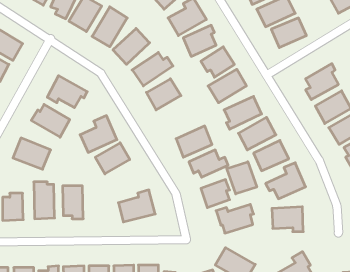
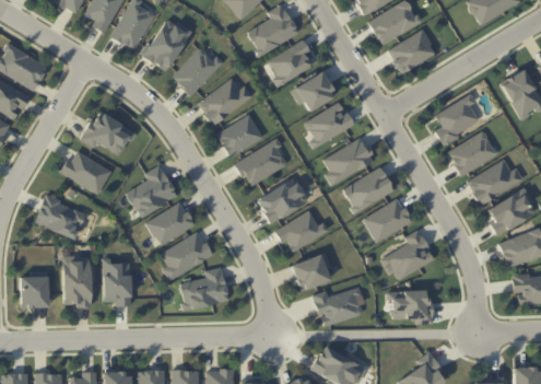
building: none -> [235,138,286,187]
building: [227,162,257,194] -> none
building: none -> [160,231,212,281]

